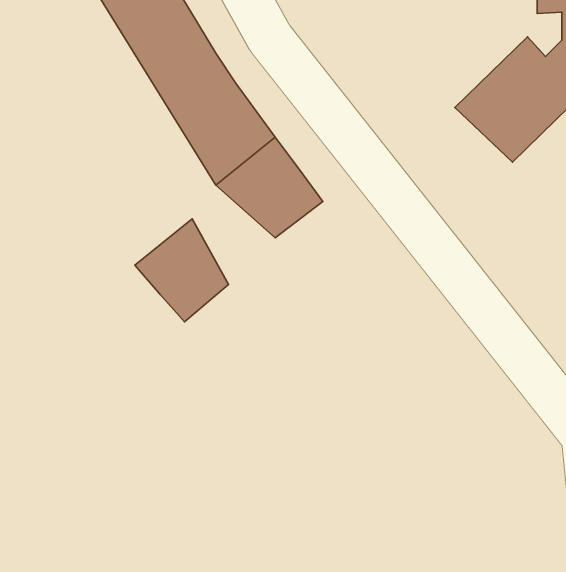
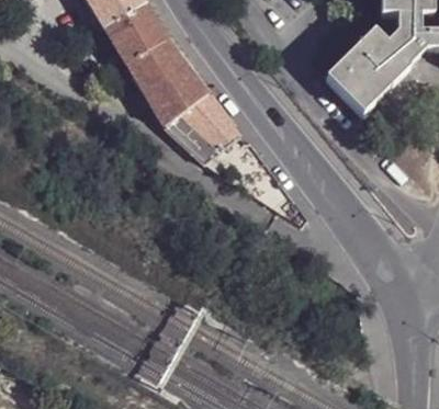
building: [135,219,229,322] -> none

